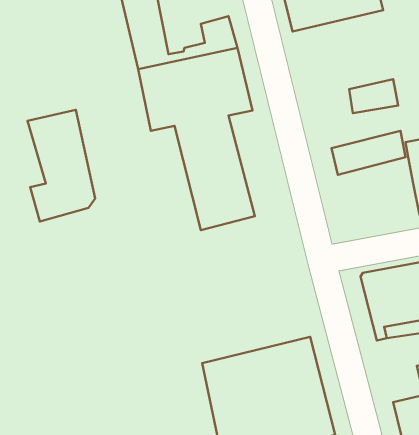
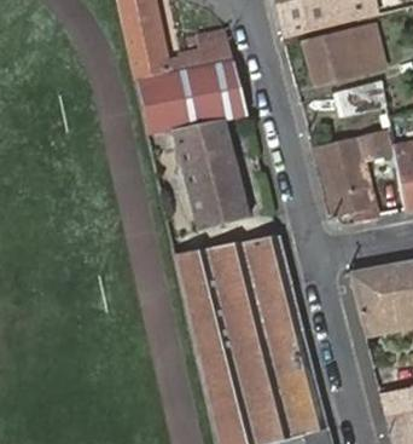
building: none -> [308,28,383,83]
building: [27,110,95,221] -> none
building: none -> [328,158,401,223]
building: none -> [174,233,302,357]

